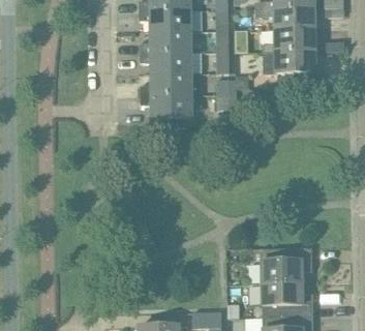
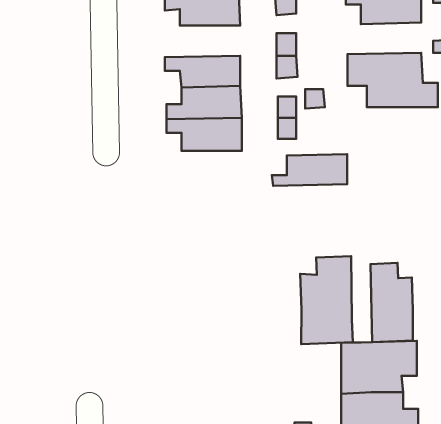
building: [264,29,315,51] -> [272,154,347,186]
building: [140,31,191,53] -> none
building: none -> [300,256,353,344]
building: none -> [371,263,413,342]

